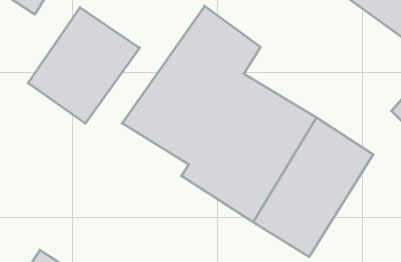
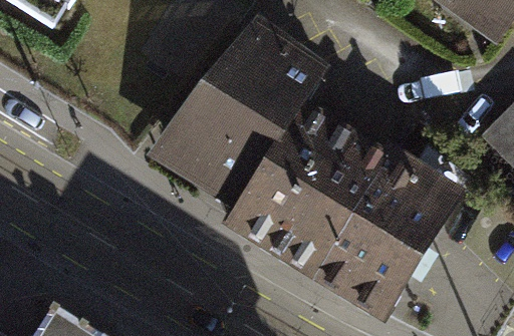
building: [28,7,140,123] -> none

